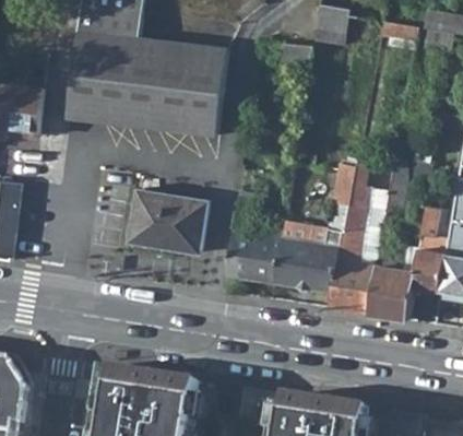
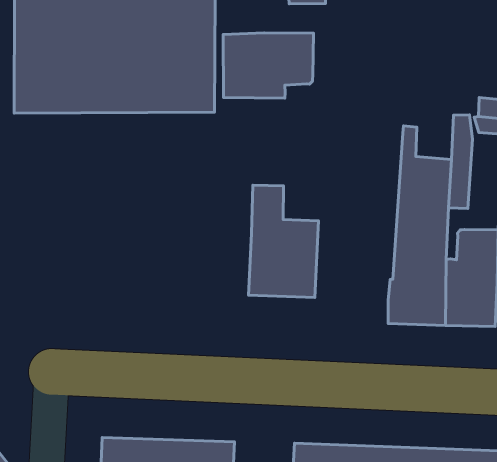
building: none -> [223,33,313,98]
building: [274,165,355,291] -> none
building: [130,191,207,254] -> none

